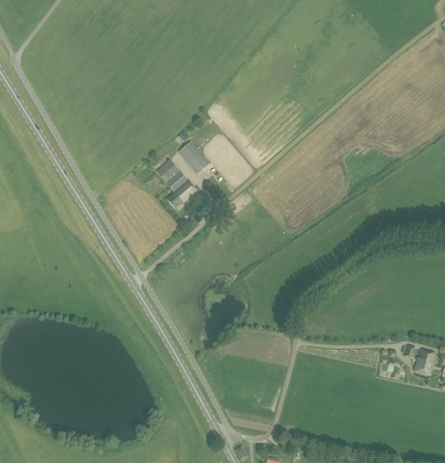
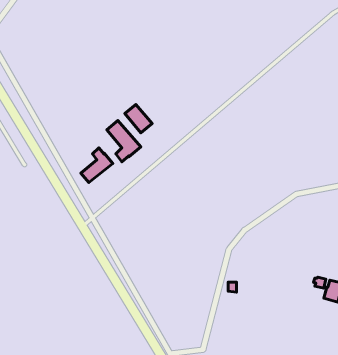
building: none -> [81,148,113,183]

